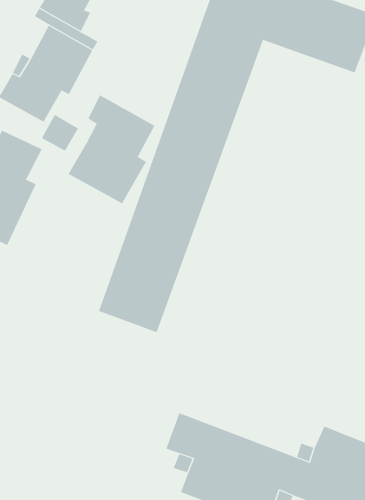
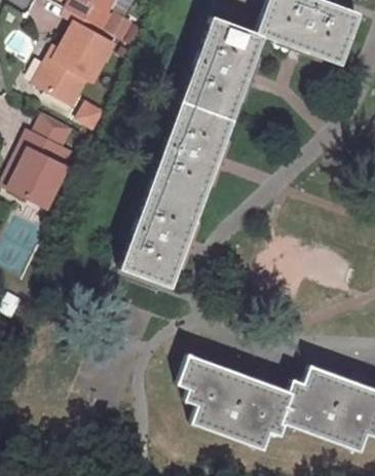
building: [68,95,155,204] -> none

